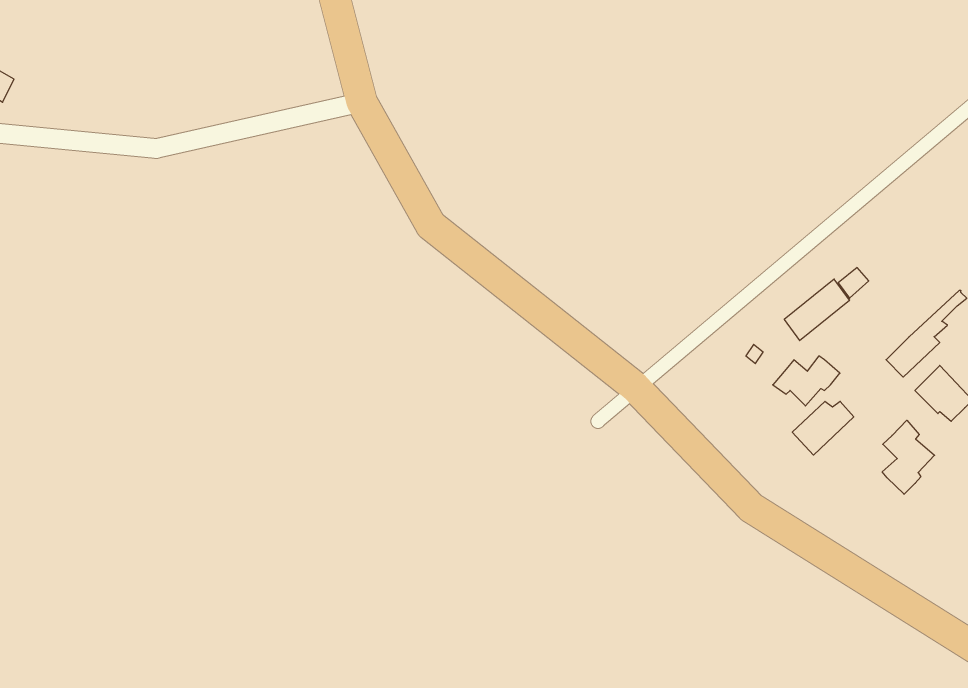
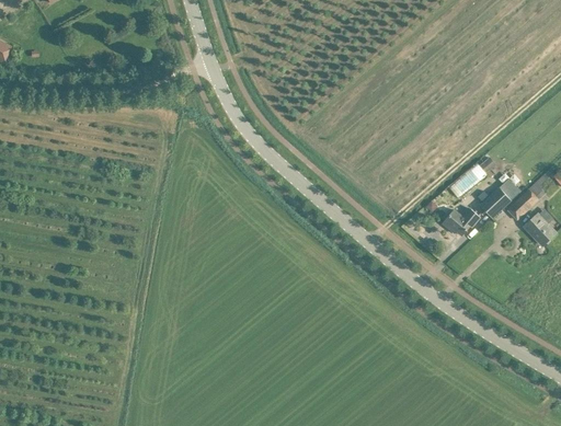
building: [792,401,854,455] -> [479,187,514,218]
building: [882,420,935,494] -> none

